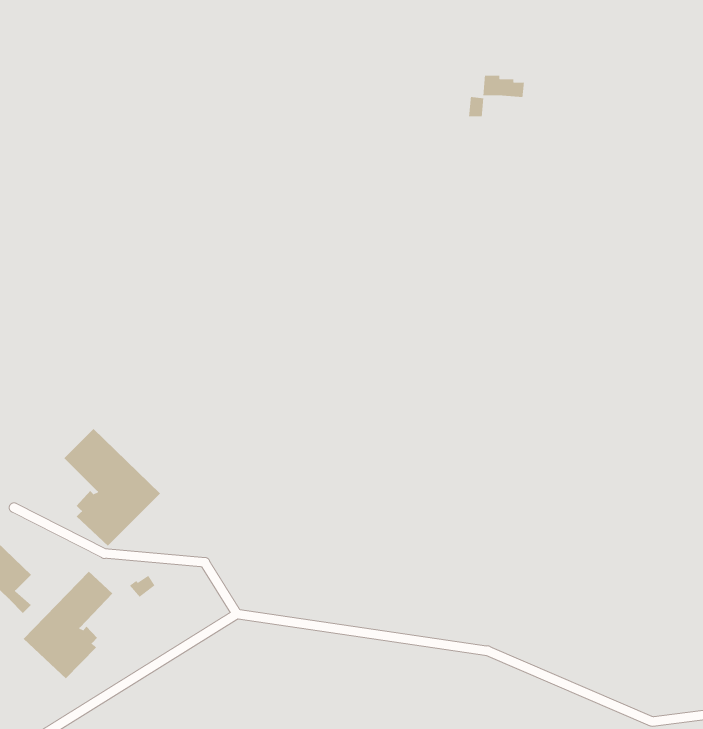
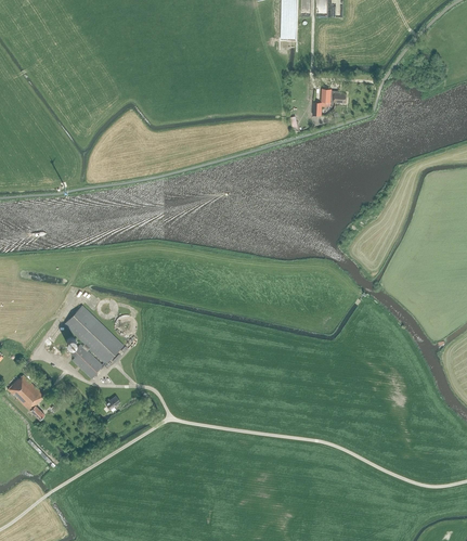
building: [23,571,113,679] -> none

